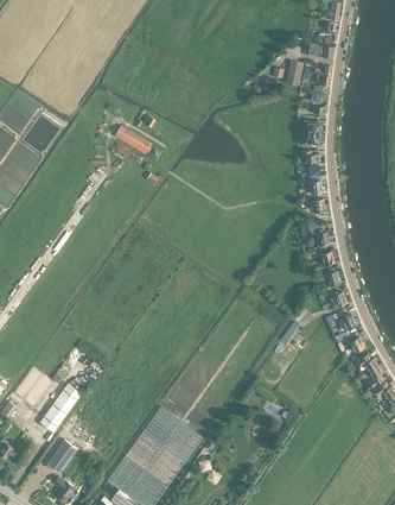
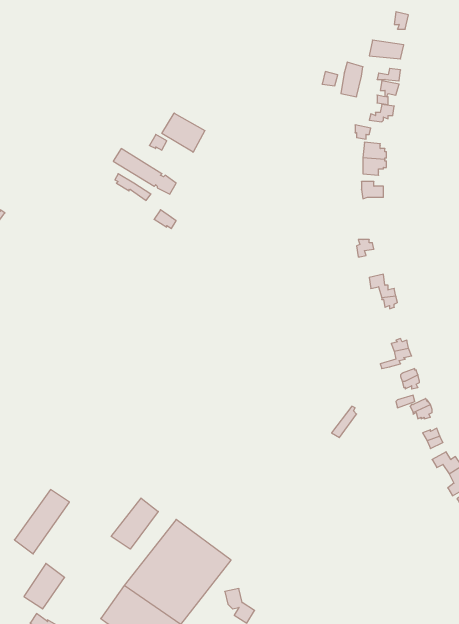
building: none -> [162,113,205,152]
building: none -> [111,498,158,549]

